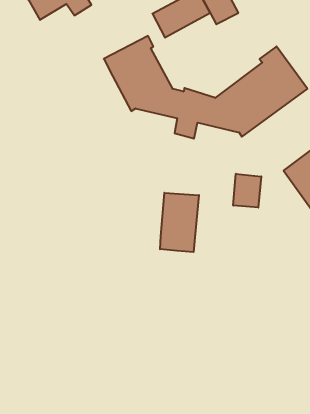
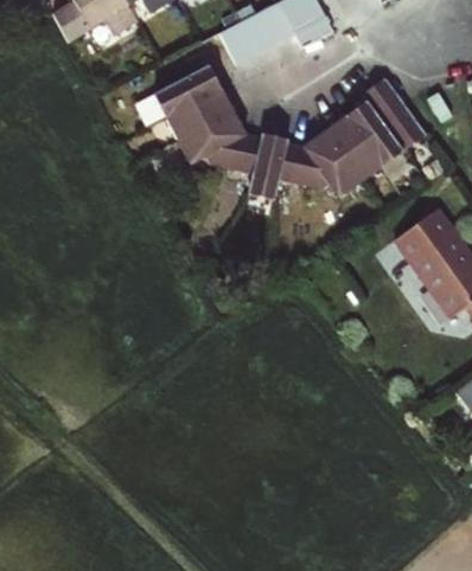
building: [233,174,261,208] -> none
building: [160,193,199,252] -> none

